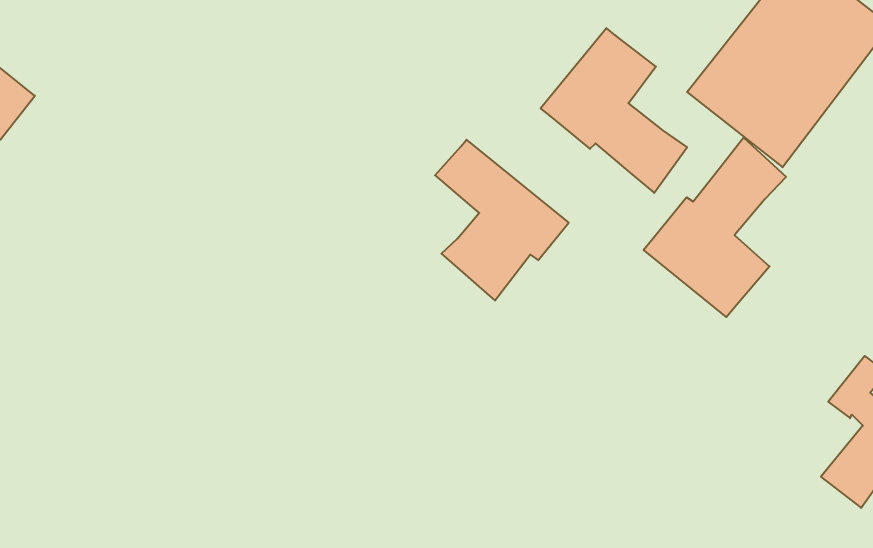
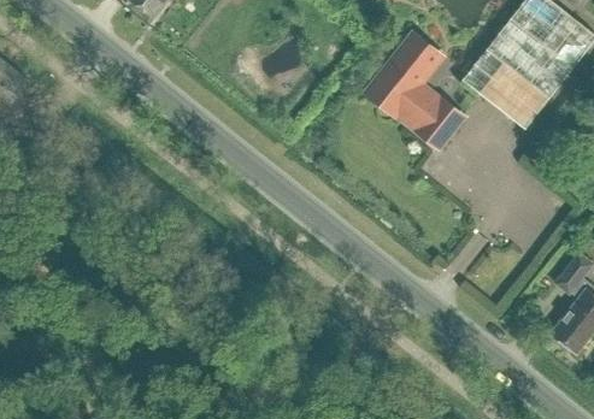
building: [644,138,786,317] -> none
building: [435,140,569,301] -> none

